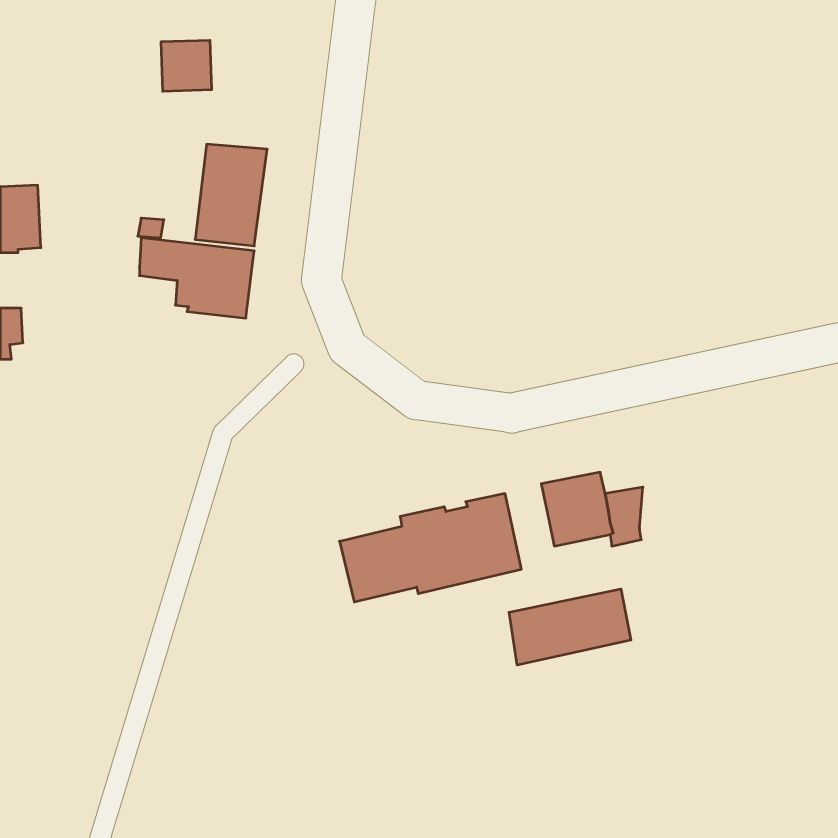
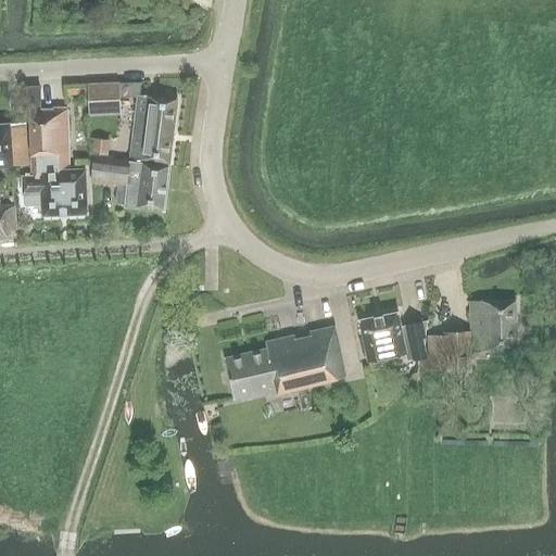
building: [161,40,212,91] -> [88,81,122,115]
building: none -> [21,87,87,215]
building: none -> [443,301,517,371]
building: [509,589,631,665] -> none

